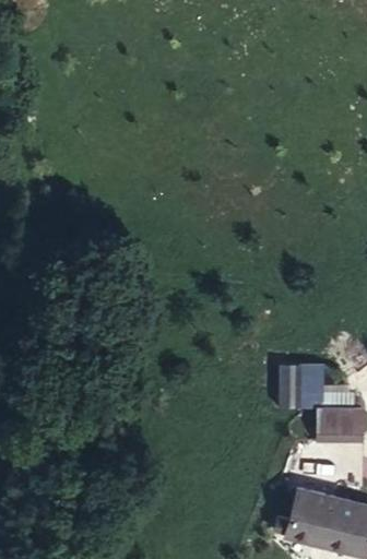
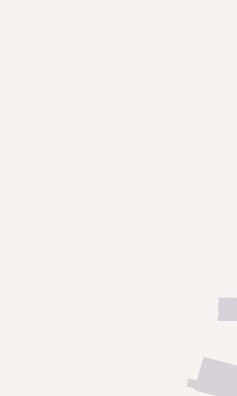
building: [280,366,323,406] -> none

